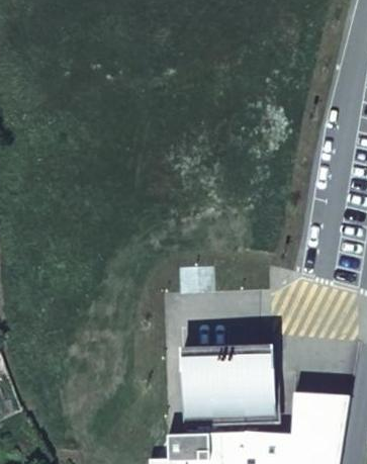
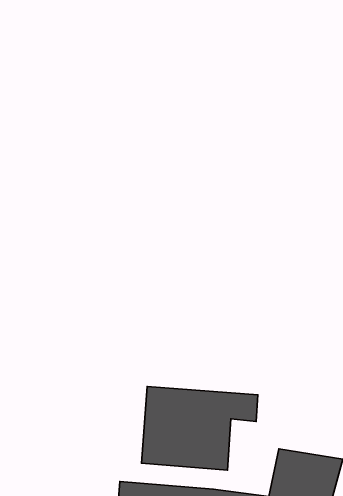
building: [253,373,275,415] -> none

